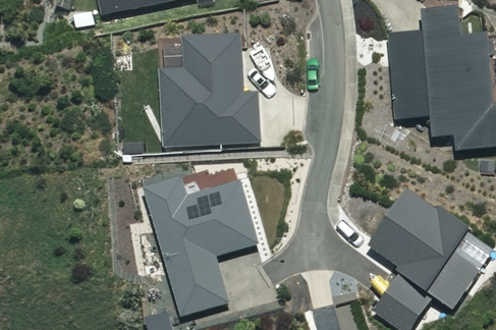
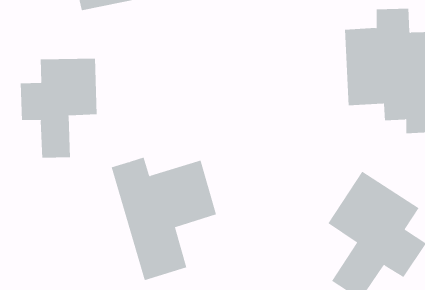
building: [161,36,260,143] -> none
building: none -> [20,58,97,159]

